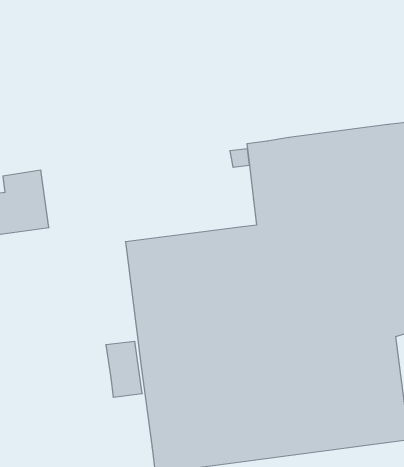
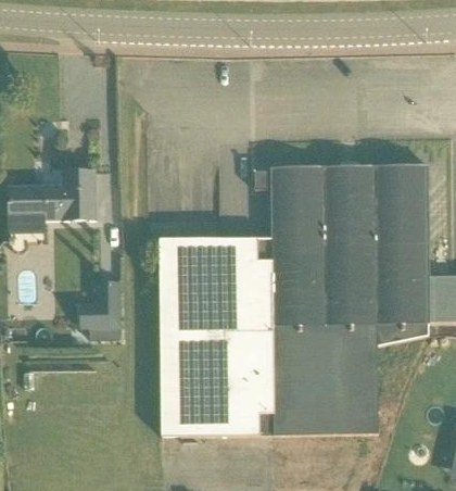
building: [106,342,142,397] -> [93,281,119,326]

